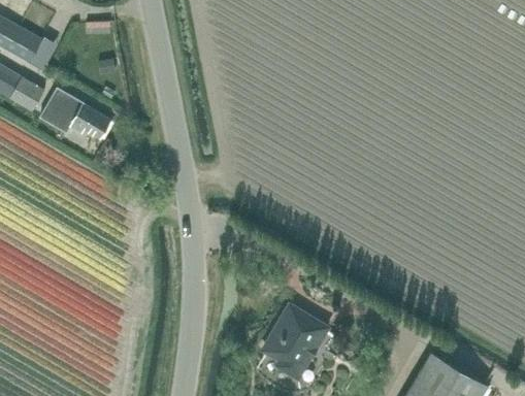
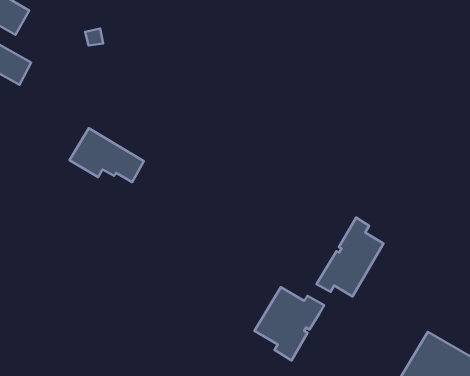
building: [38,88,110,140] -> [70,128,144,182]
building: none -> [317,218,384,296]

